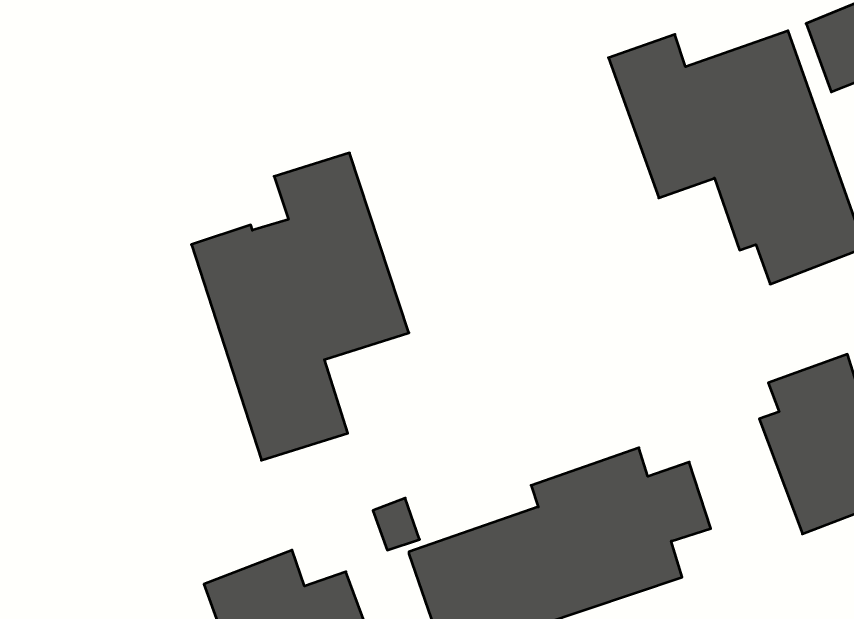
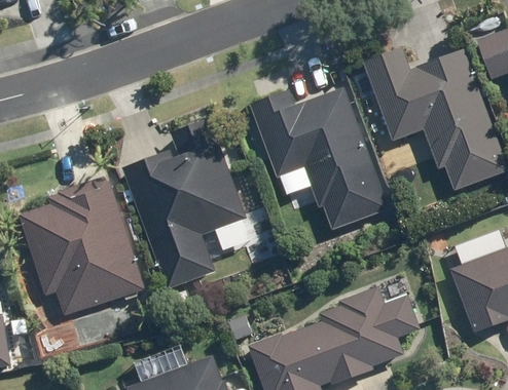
building: none -> [251,86,390,231]
building: none -> [20,176,140,314]

